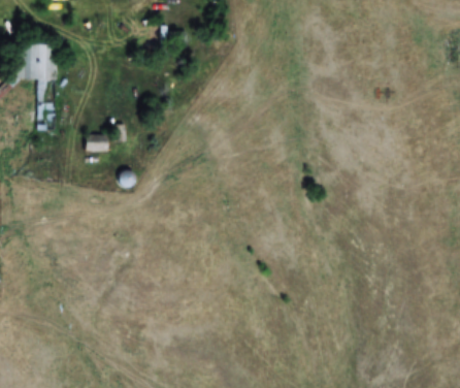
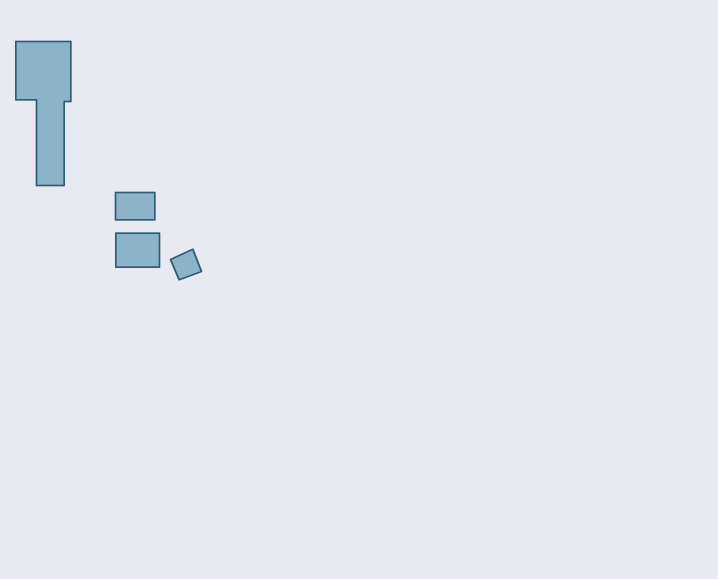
building: none -> [116,233,159,267]

